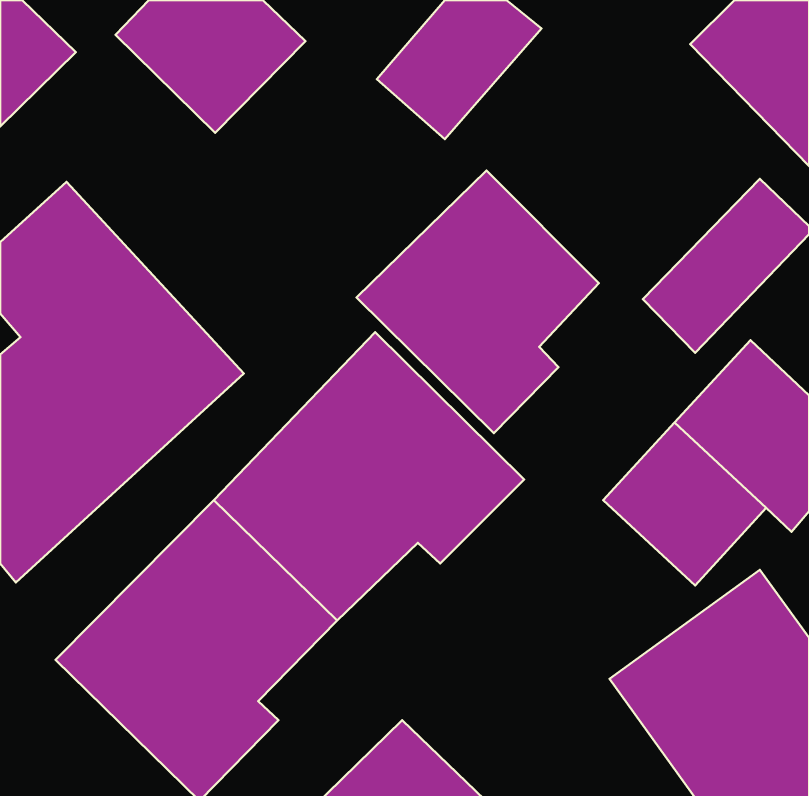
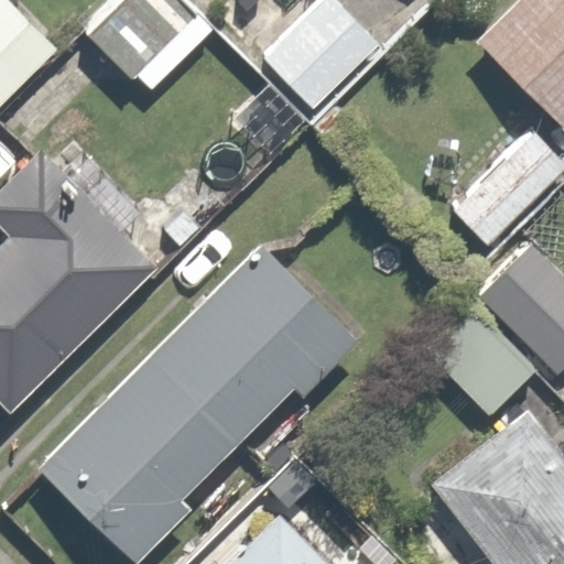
building: [357,171,599,433] -> none

